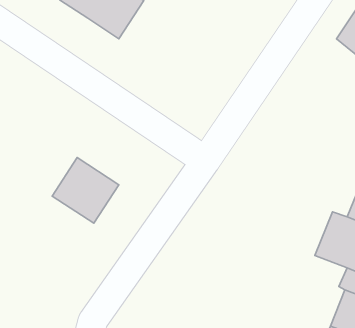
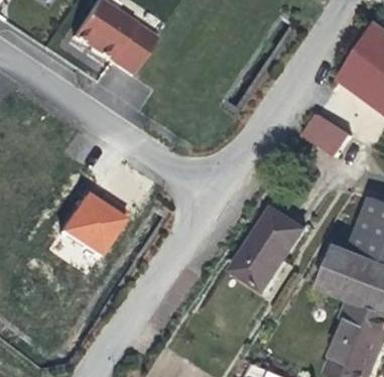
building: none -> [300,113,348,155]
building: none -> [229,208,301,289]

